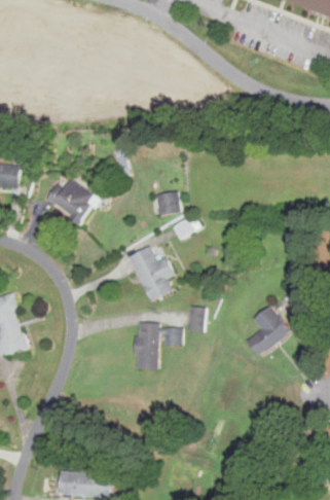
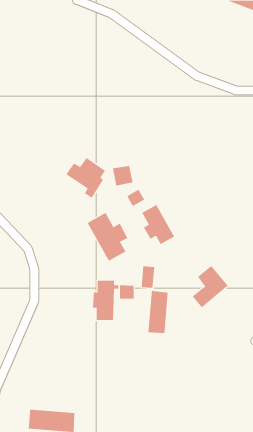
building: [46,178,93,225] -> [65,157,106,199]
building: none -> [141,204,175,245]
building: none -> [148,290,168,334]

